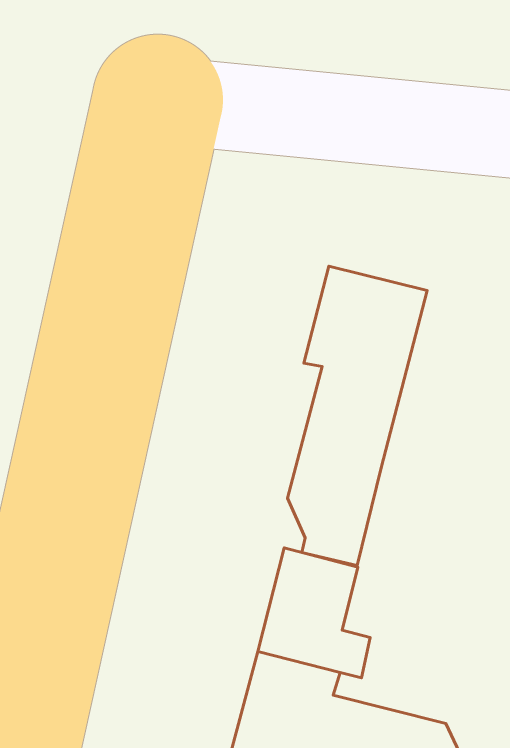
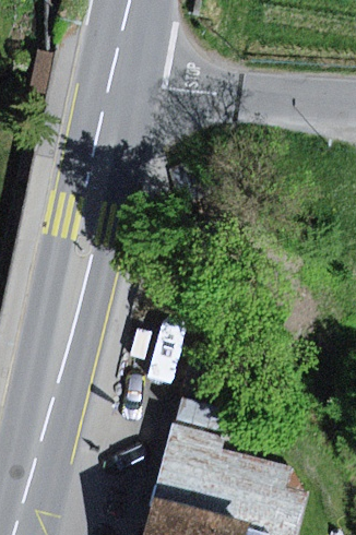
building: [288,266,427,566] -> none

